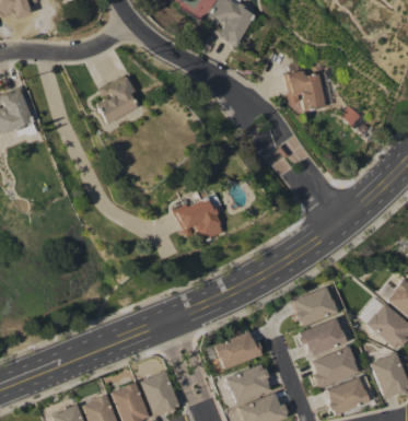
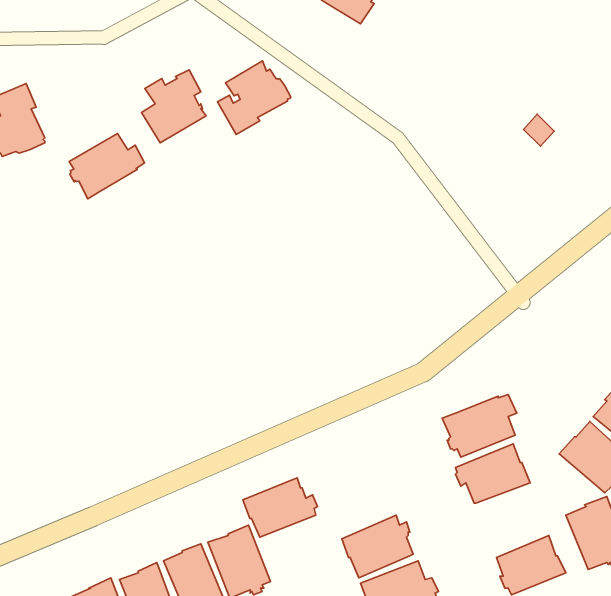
building: [285,70,327,110] -> none
building: none -> [217,61,291,135]
building: none -> [69,133,145,199]
building: [173,192,223,243] -> none
building: [213,330,261,369] -> [243,478,318,537]
building: [312,346,358,387] -> none

